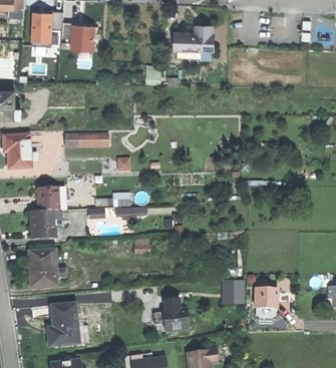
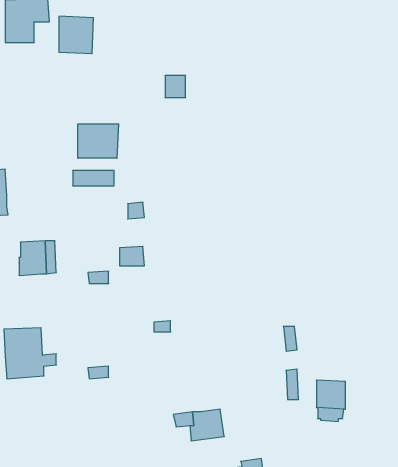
building: [176,26,214,52] -> none
building: none -> [78,124,119,158]
building: [31,212,56,239] -> none
building: [47,305,89,347] -> none

